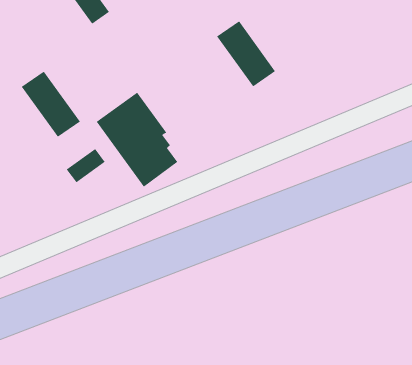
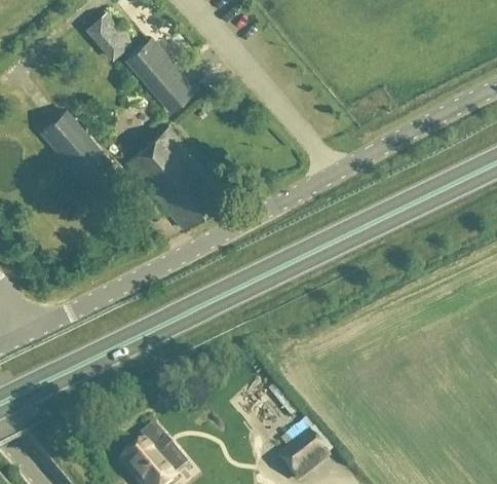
building: [216,21,276,87] -> [126,38,194,109]
building: [66,148,106,183] -> none

